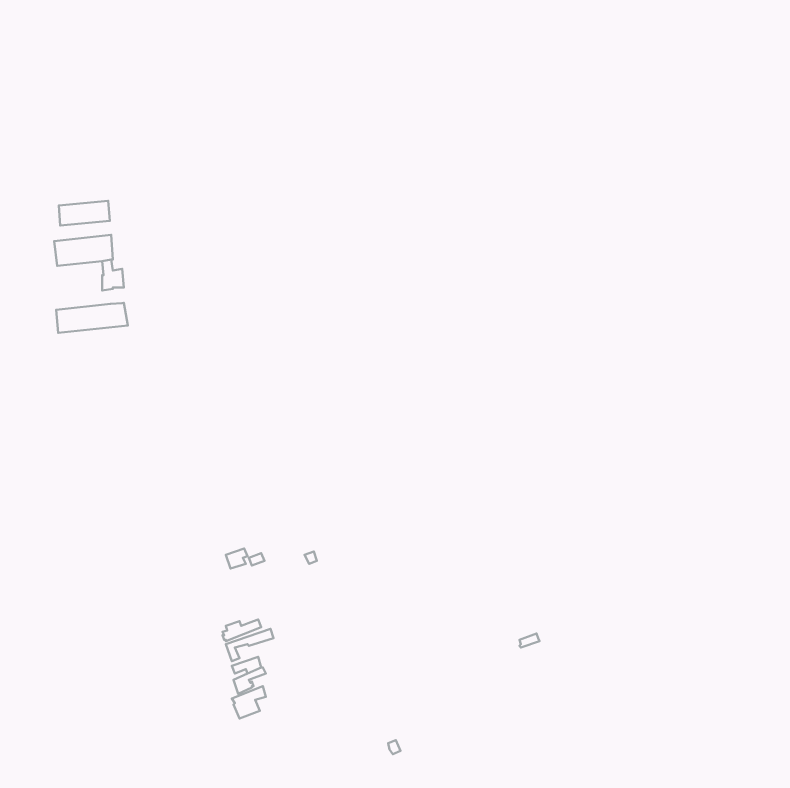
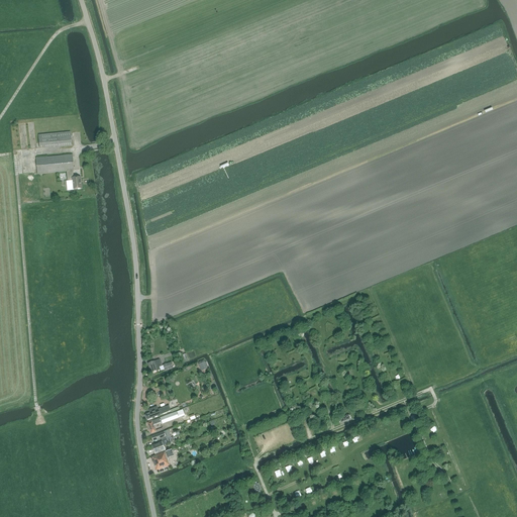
building: [56,303,128,333] -> none

